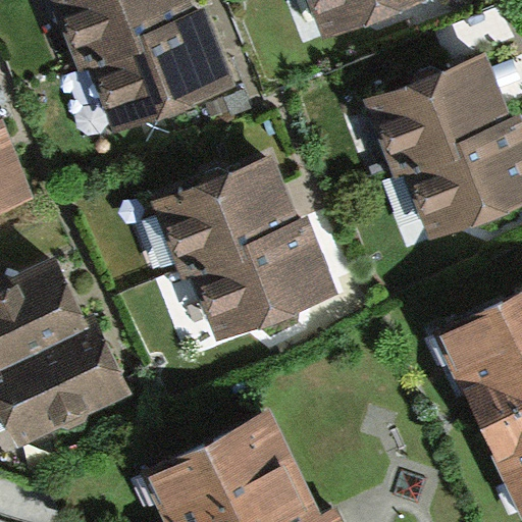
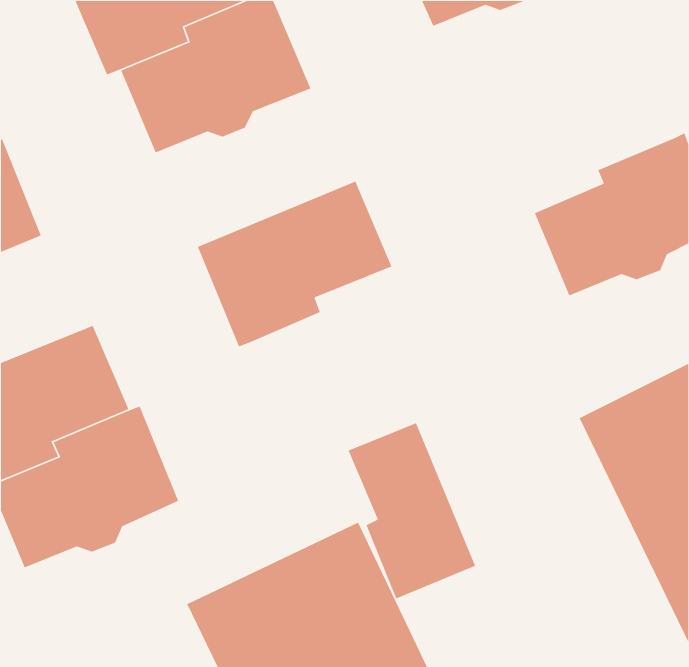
building: [362,55,510,181] -> none
building: [191,214,335,338] -> none
building: none -> [347,422,476,600]

